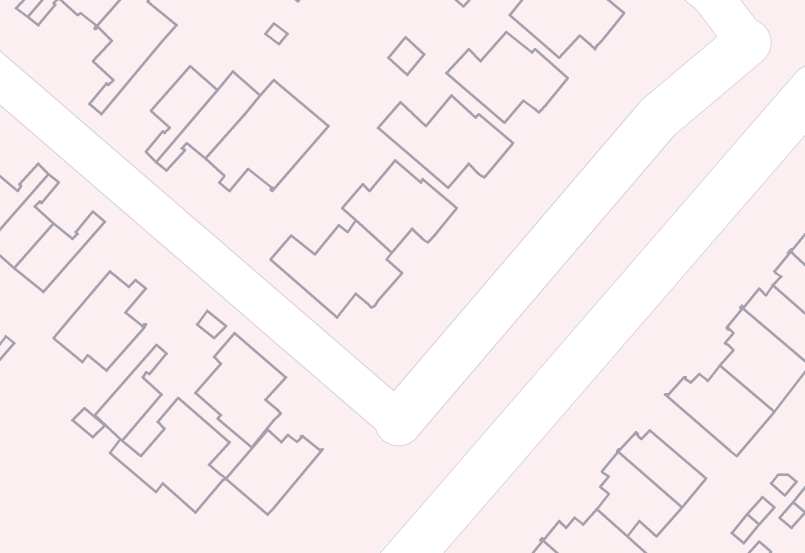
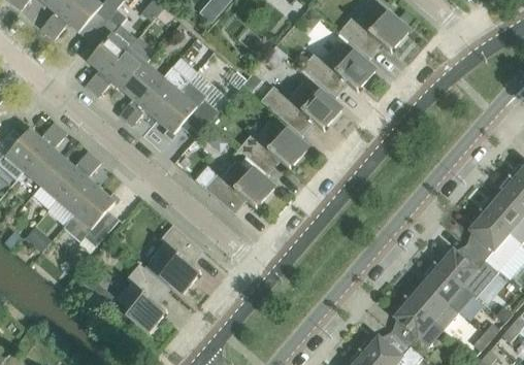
building: none -> [93,36,157,97]
building: [95,345,167,441] -> [58,157,101,214]
building: none -> [424,261,472,311]
building: [226,430,323,515] -> none

